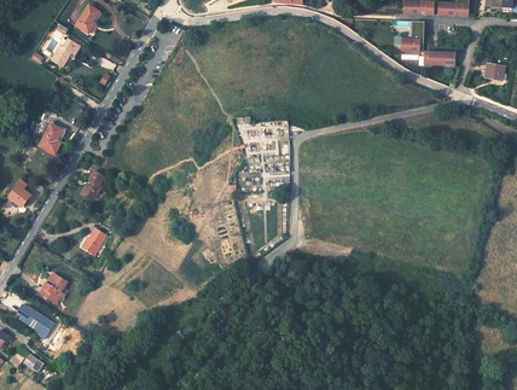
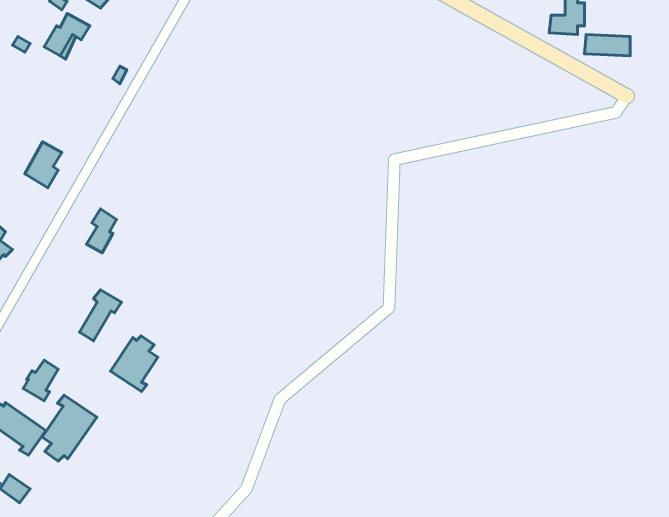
building: none -> [110,336,158,391]
building: none -> [42,395,97,461]

